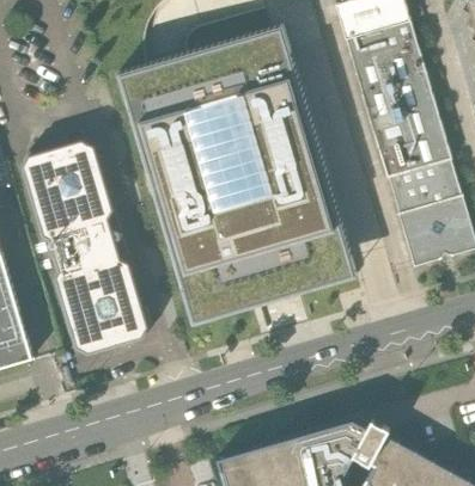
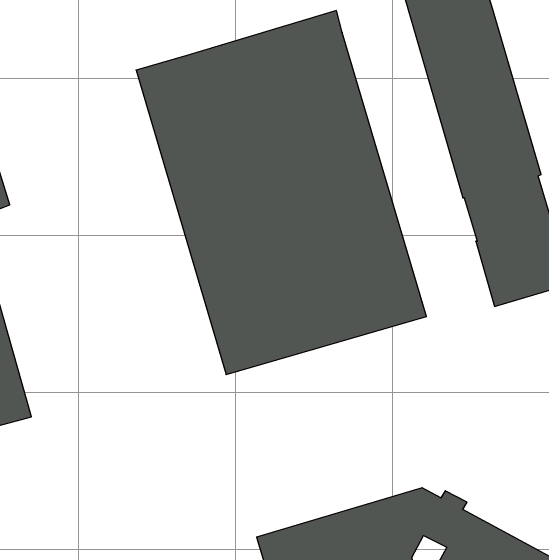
building: [19,139,150,357] -> none

